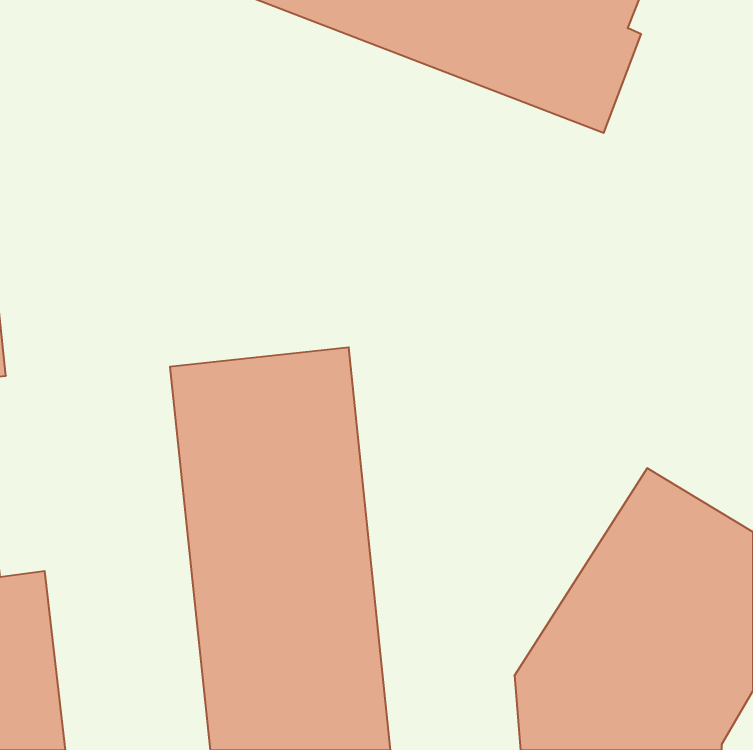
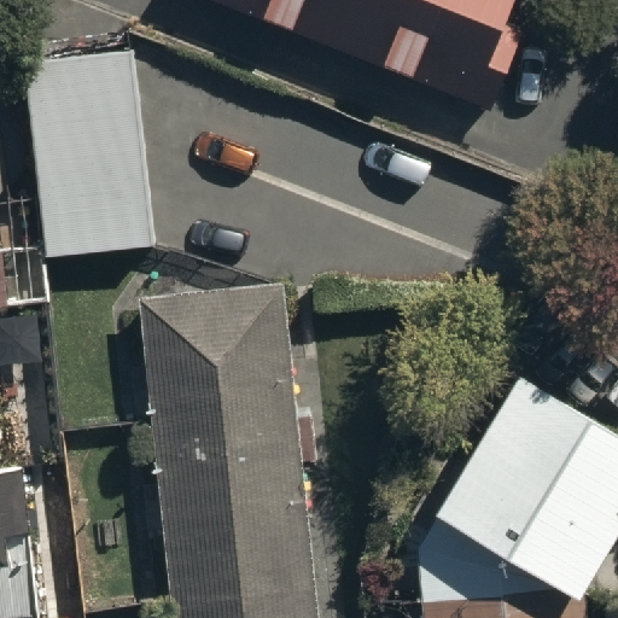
building: none -> [23,48,154,257]

